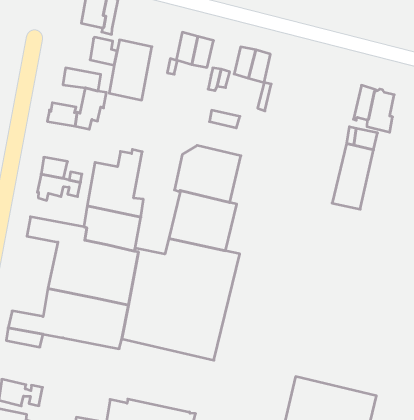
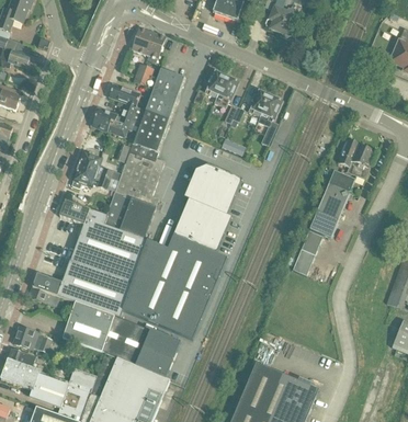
building: none -> [123,111,169,171]
building: none -> [292,229,321,275]
building: none -> [60,301,180,378]

